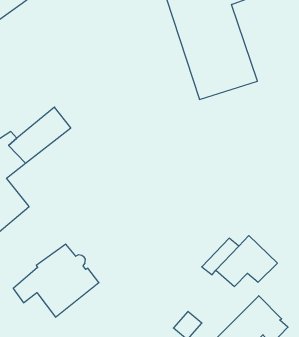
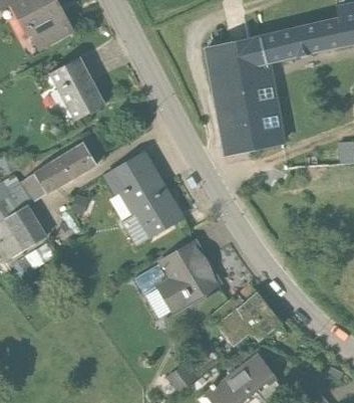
building: none -> [52,58,104,120]
building: none -> [107,151,183,243]
building: [13,244,99,317] -> [136,240,220,310]

